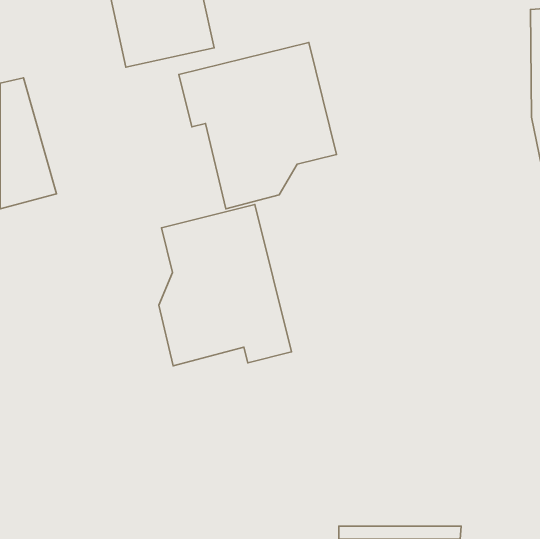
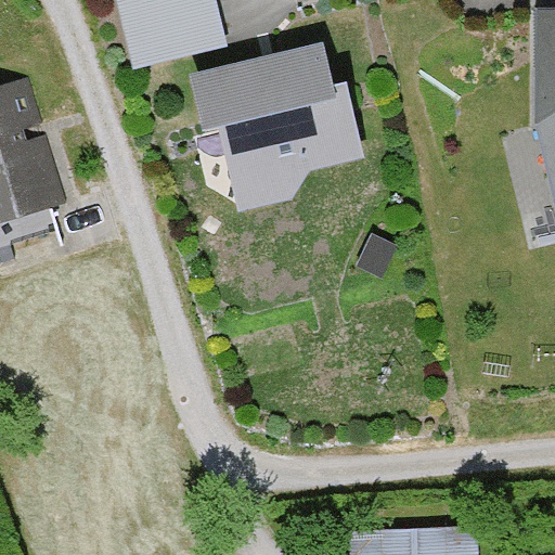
building: [159,205,291,366] -> none

